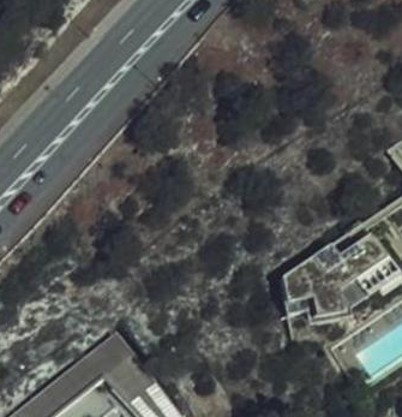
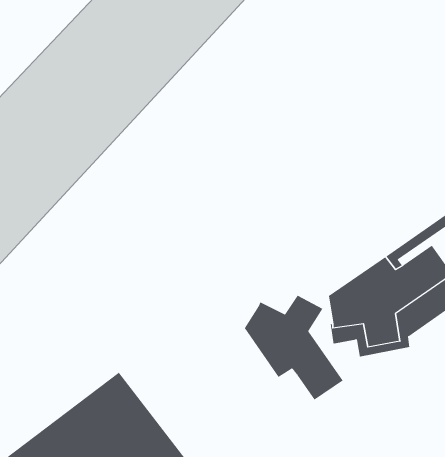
building: none -> [244,295,343,401]

